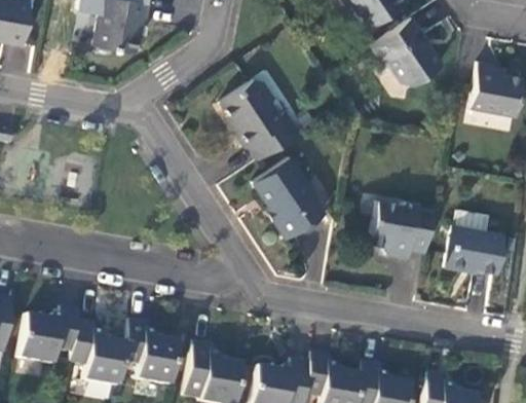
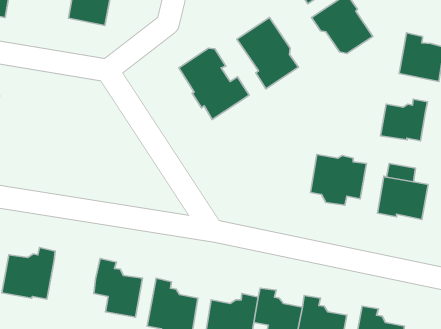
building: none -> [381,99,427,141]
building: [253,156,323,237] -> [237,18,298,89]
building: [71,320,125,386] -> none

